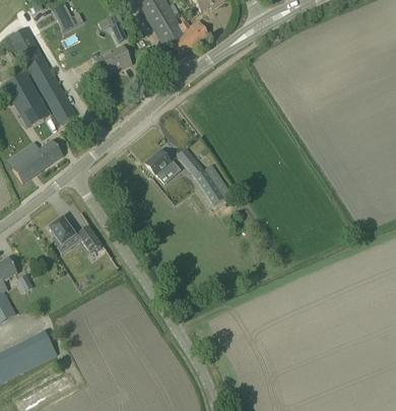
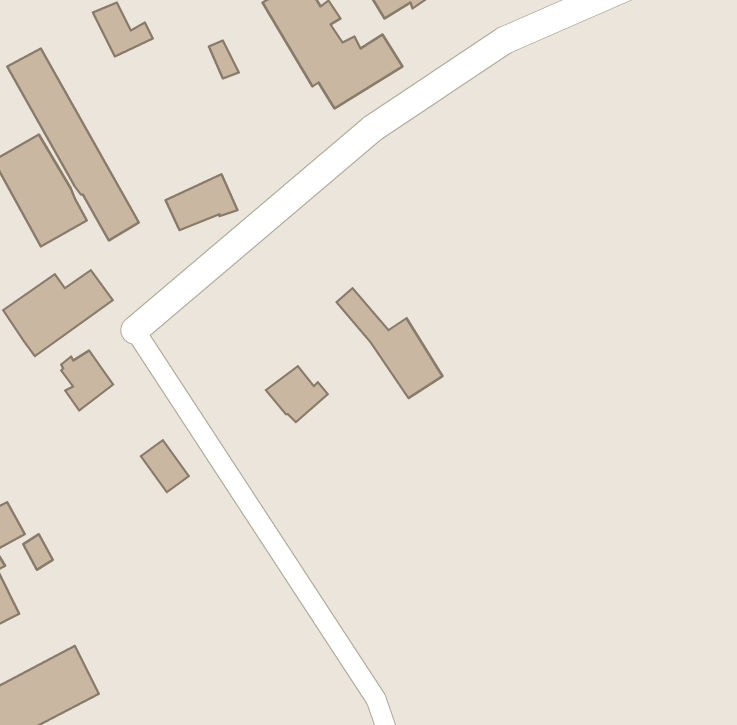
building: [95,46,132,74] -> [166,174,237,230]
building: [145,150,177,179] -> [266,366,328,422]
building: [49,217,75,248] -> [61,351,113,410]

